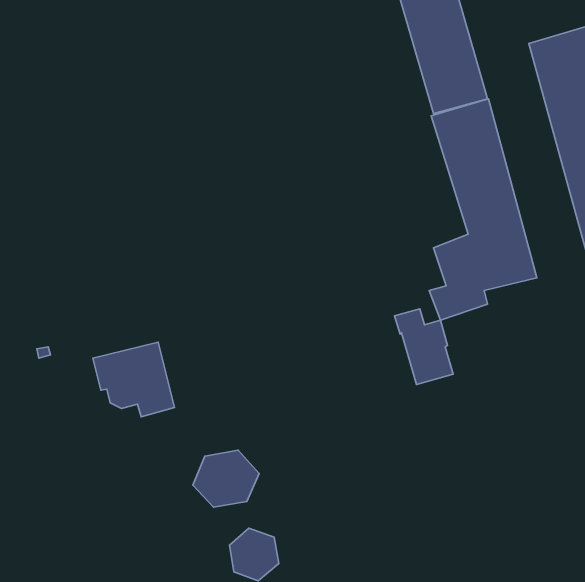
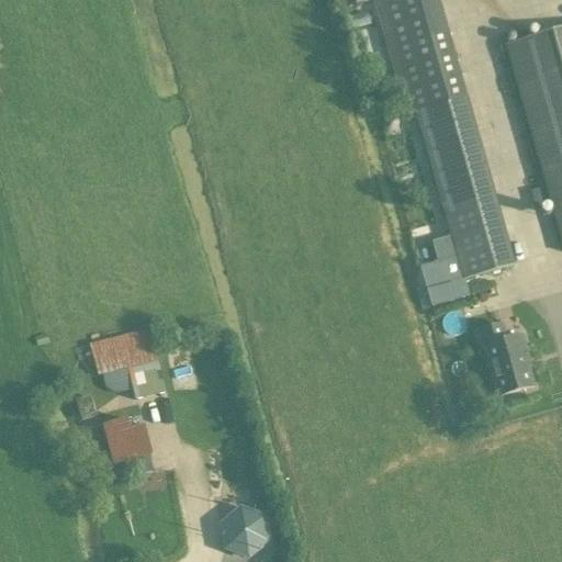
building: [395,309,453,385] -> [479,322,535,394]
building: none -> [103,417,151,464]
building: [193,450,259,507] -> none

